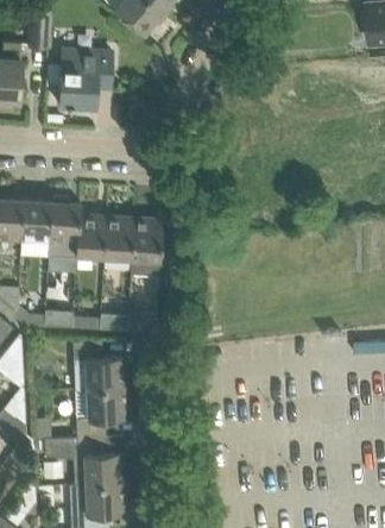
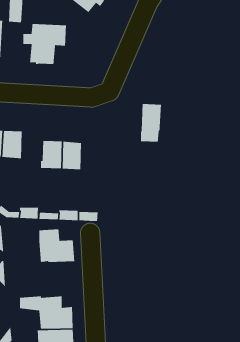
building: [48,202,81,256] -> none
building: [132,219,163,275] -> [140,103,162,143]
building: [75,389,126,439] -> none

